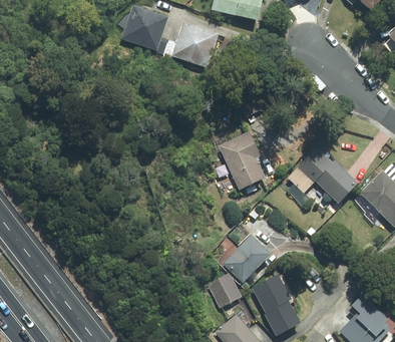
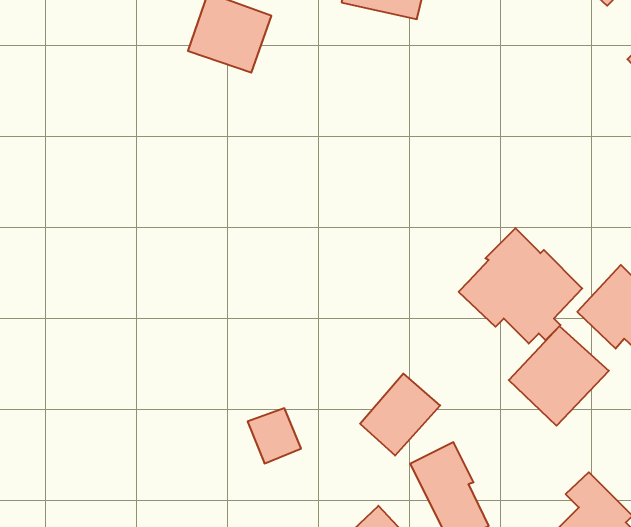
building: [169,22,219,69] -> none
building: [218,128,266,191] -> none
building: none -> [509,326,609,426]
building: [209,275,241,308] -> [248,408,301,463]

